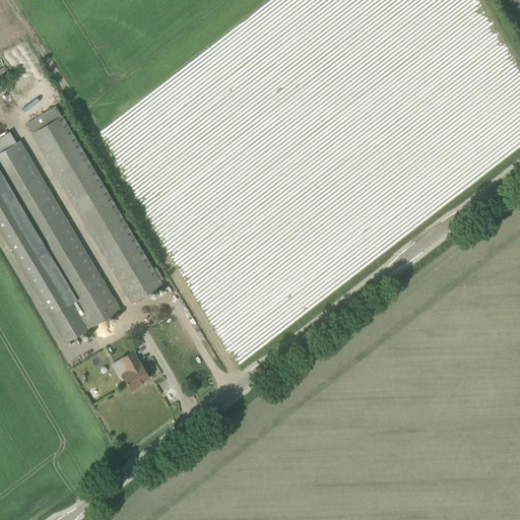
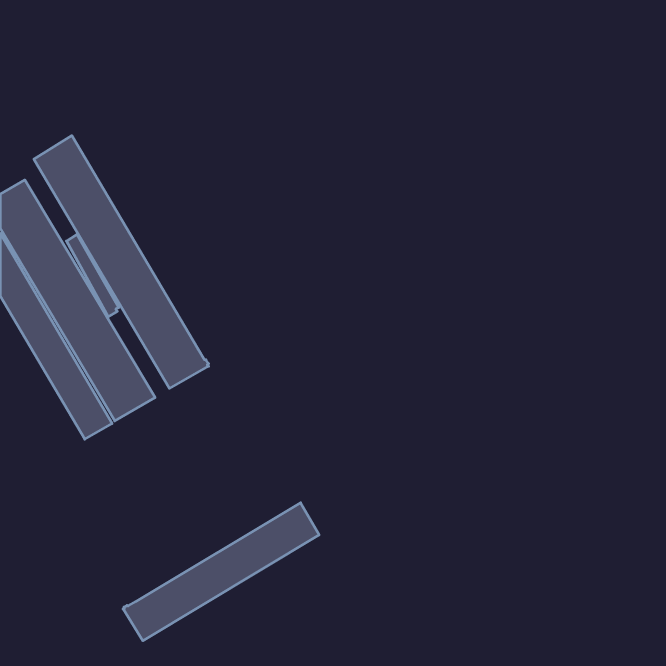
building: [122,351,149,390] -> none
building: none -> [123,503,319,641]

